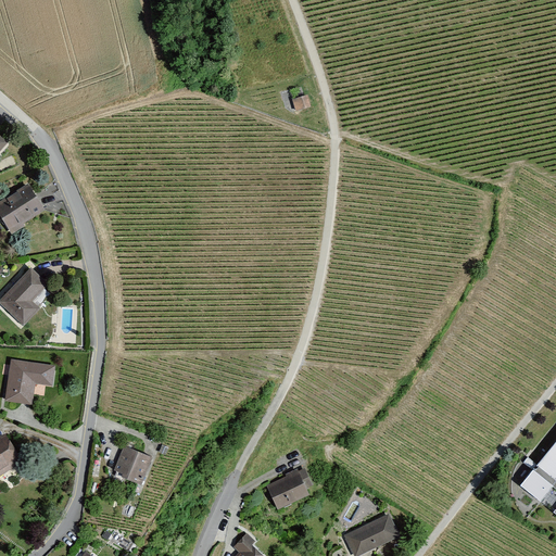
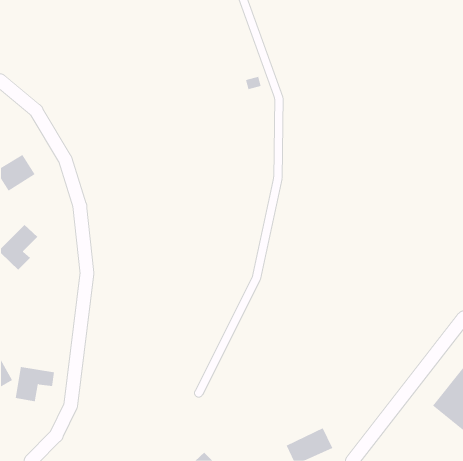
building: [5,361,53,403] -> [15,367,55,402]
building: [113,447,149,486] -> none
building: [264,470,309,511] -> none

